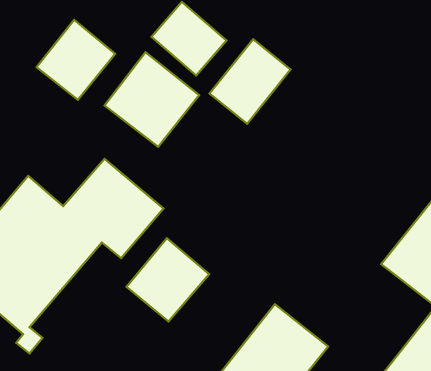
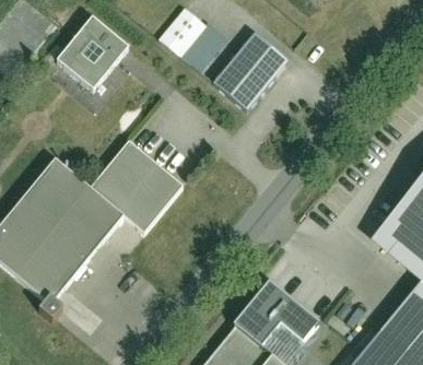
building: [105,52,199,147] -> none
building: [126,238,209,322] -> none

